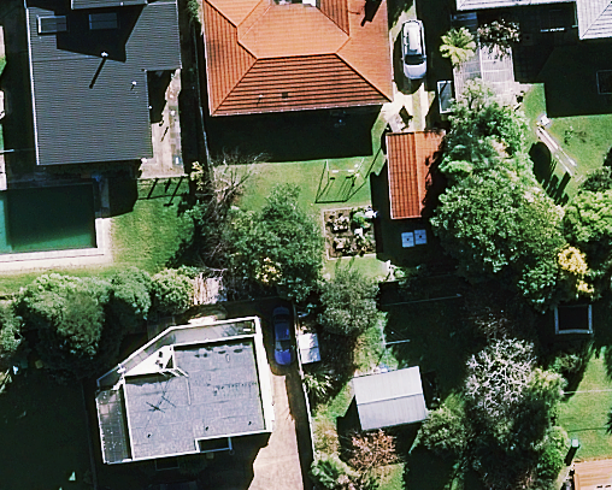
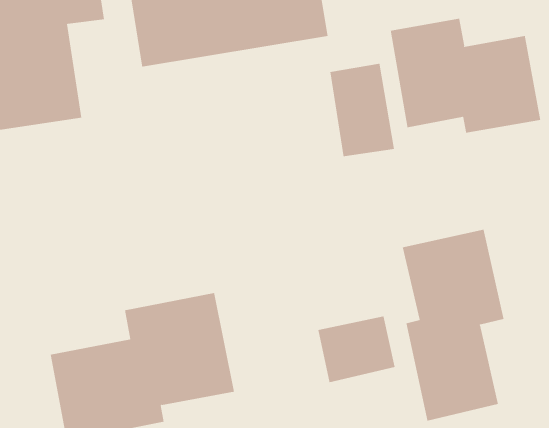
building: none -> [390,18,541,133]
building: none -> [402,229,504,421]

